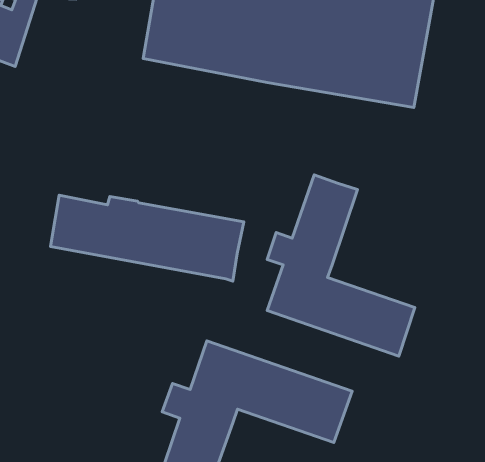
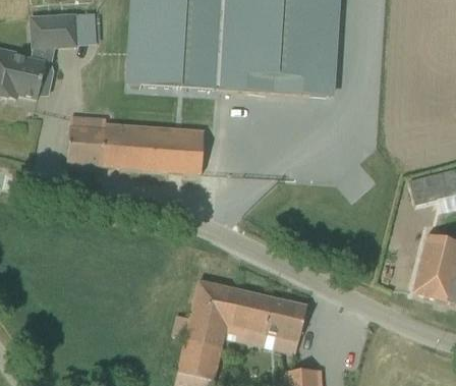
building: [267,175,415,356] -> none
building: [51,195,244,281] -> [67,122,205,173]

